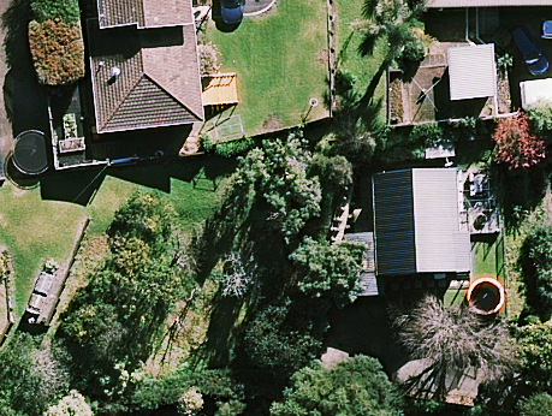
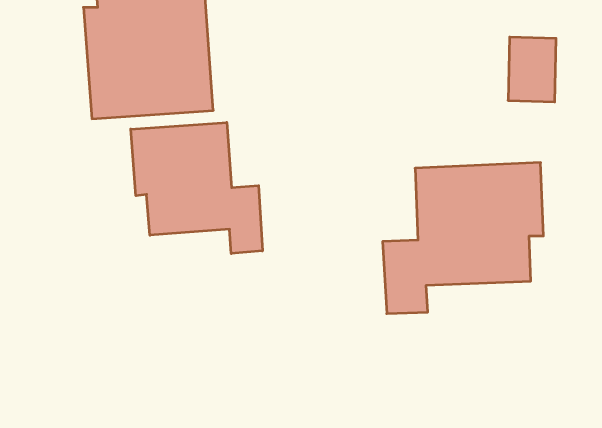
building: none -> [131,122,262,254]

